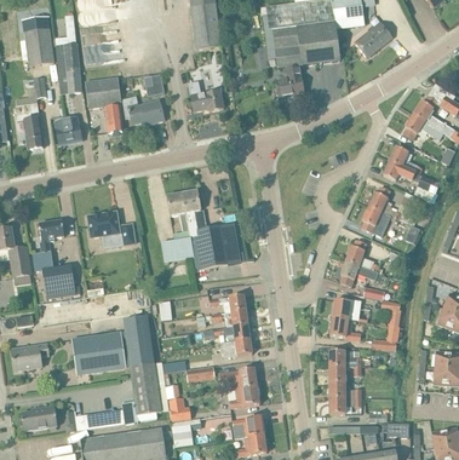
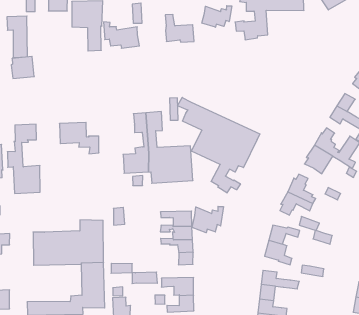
building: none -> [202,6,232,27]
building: [56,116,82,143] -> [11,56,34,78]
building: none -> [178,97,260,193]
building: none -> [192,206,223,233]

